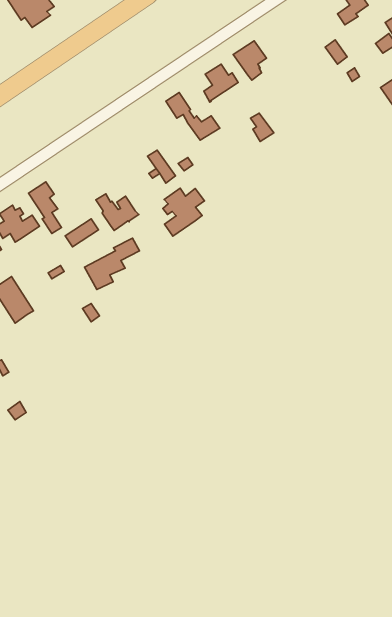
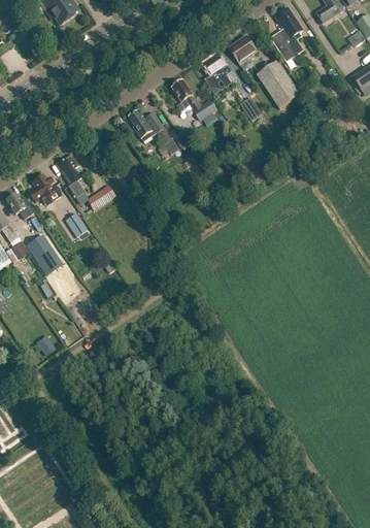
building: none -> [271,7,303,61]
building: none -> [257,60,300,108]
building: [163,188,205,236] -> none
building: [96,194,139,231] -> [129,110,165,141]
building: [85,238,139,290] -> none

